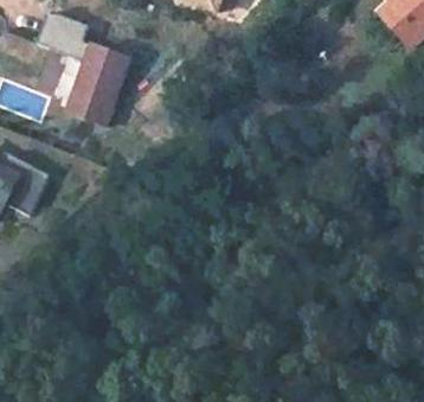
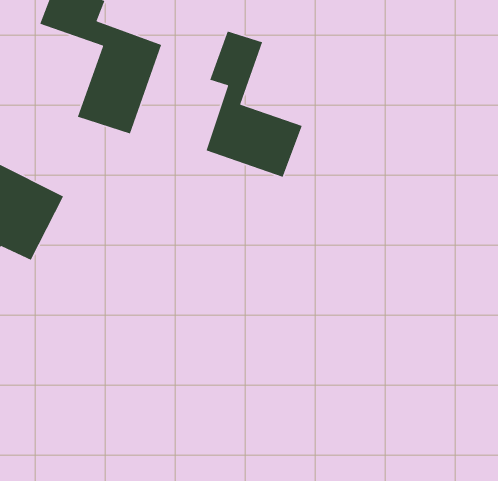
building: none -> [205,30,303,178]

